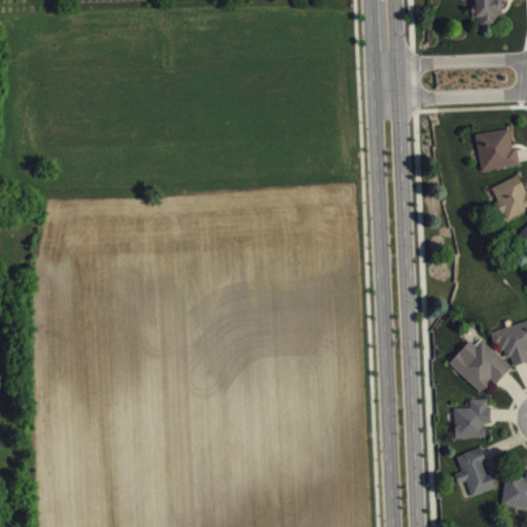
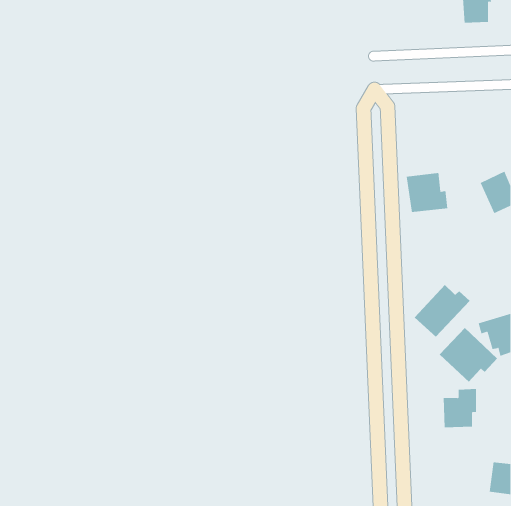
building: [476,129,519,170] -> [406,172,448,213]
building: none -> [414,284,470,338]
building: [455,448,494,496] -> none

